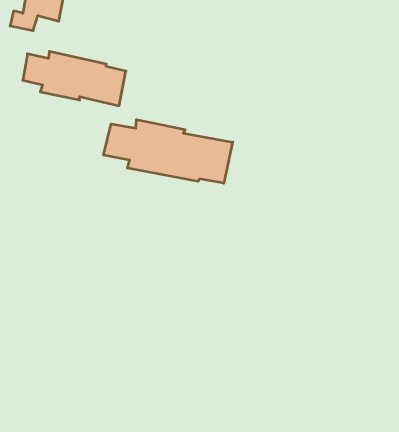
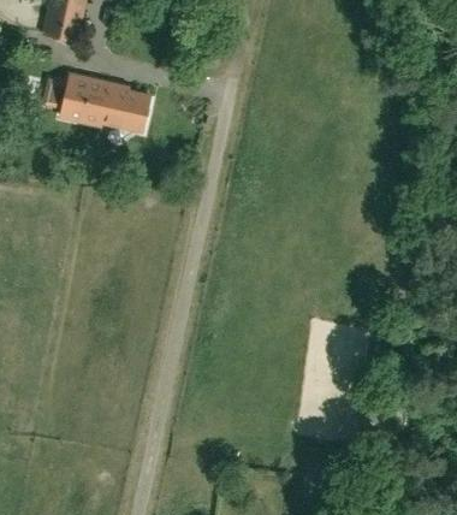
building: [104,120,233,183] -> none

